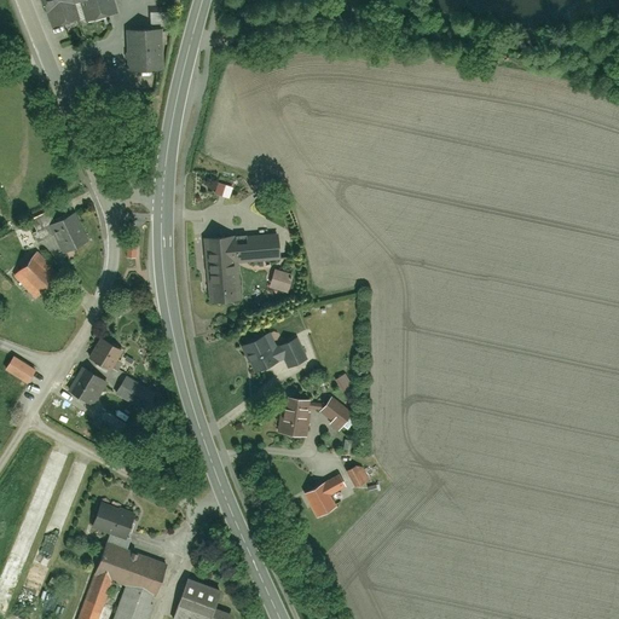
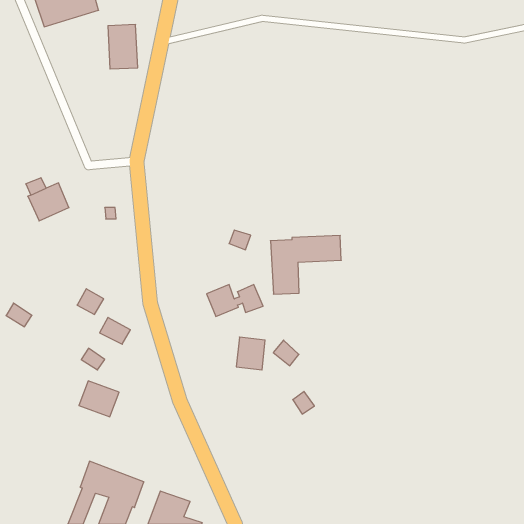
building: [199,233,283,302] -> [270,236,341,294]
building: [11,251,56,295] -> none
building: [68,361,110,406] -> none
building: [302,475,343,517] -> none
building: [93,498,140,540] -> [79,381,119,417]

